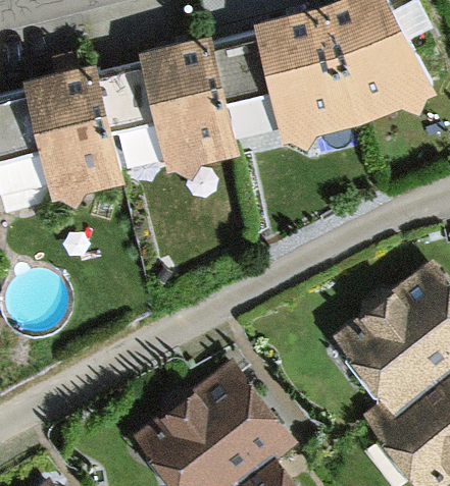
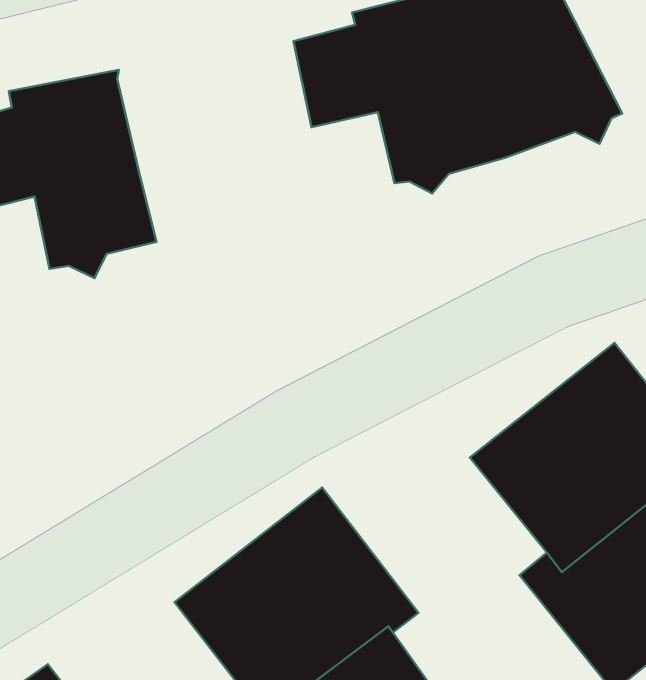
building: [90,43,233,183] -> none

